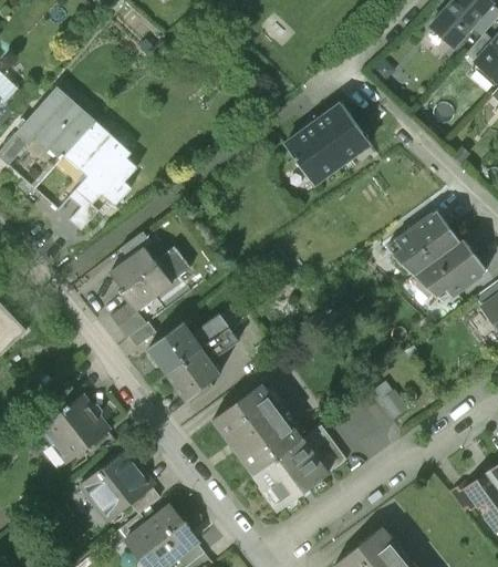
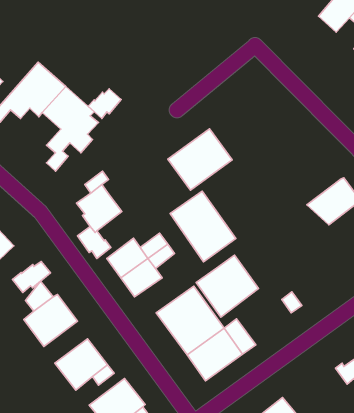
building: [283,106,369,187] -> [168,129,232,190]
building: none -> [88,89,121,119]
building: [386,212,459,276] -> none
building: [153,246,190,285] -> none
building: none -> [170,191,236,262]
building: none -> [196,255,259,317]
building: none -> [12,261,50,293]

